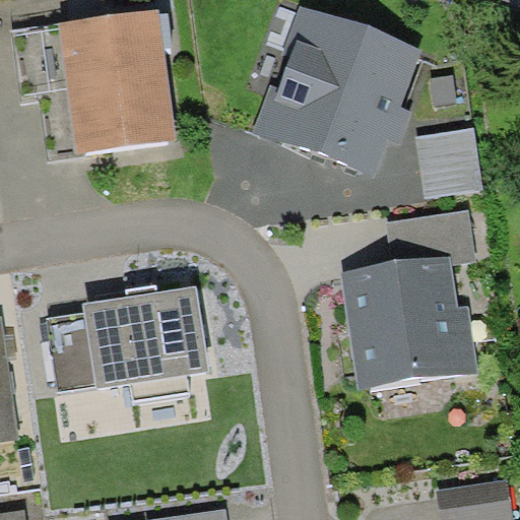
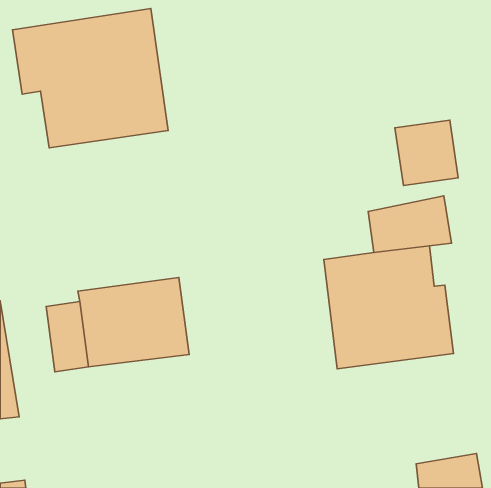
building: [257,9,415,173] -> none

